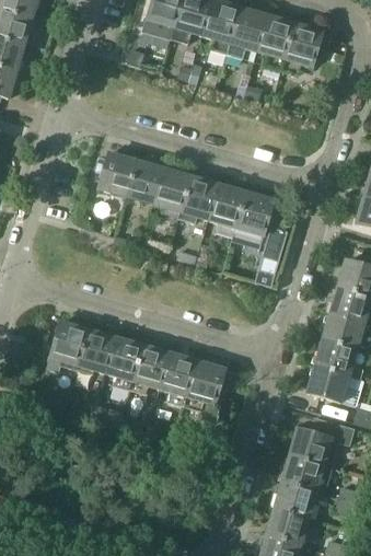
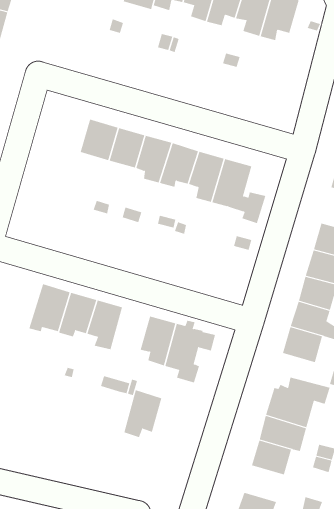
building: [130,345,170,394] -> [124,390,162,438]
building: [266,507,308,544] -> none

